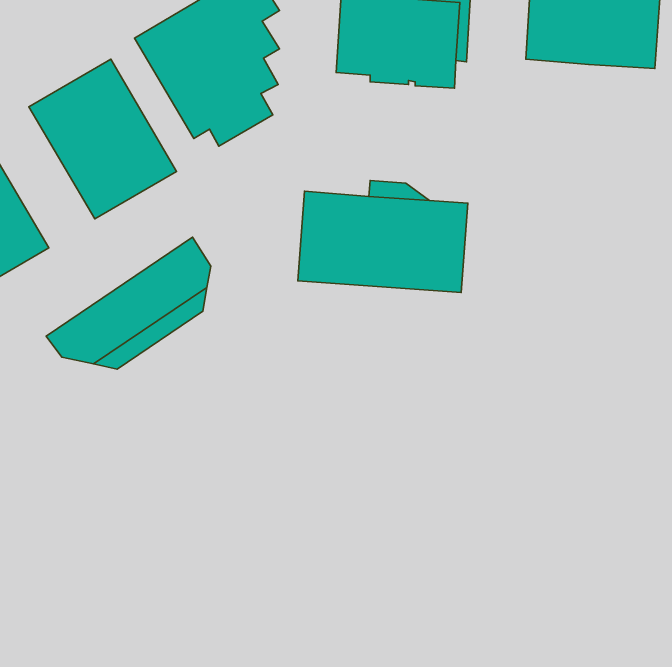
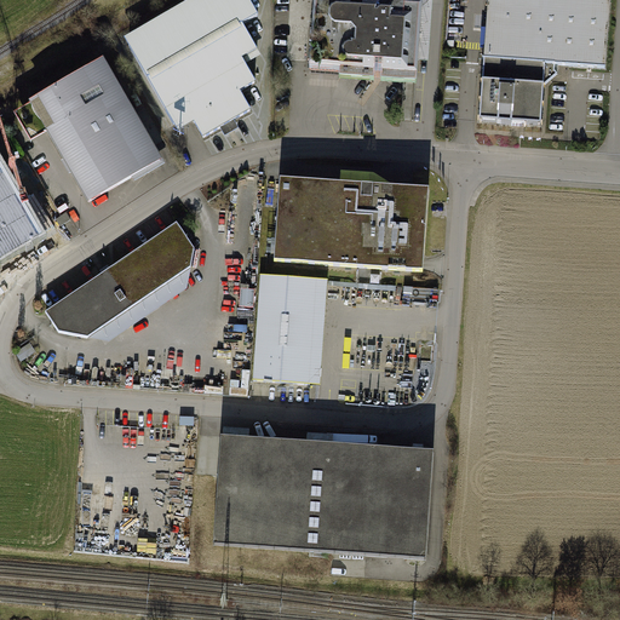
building: none -> [478,54,541,117]
building: none -> [252,271,325,379]
building: none -> [212,435,434,557]

